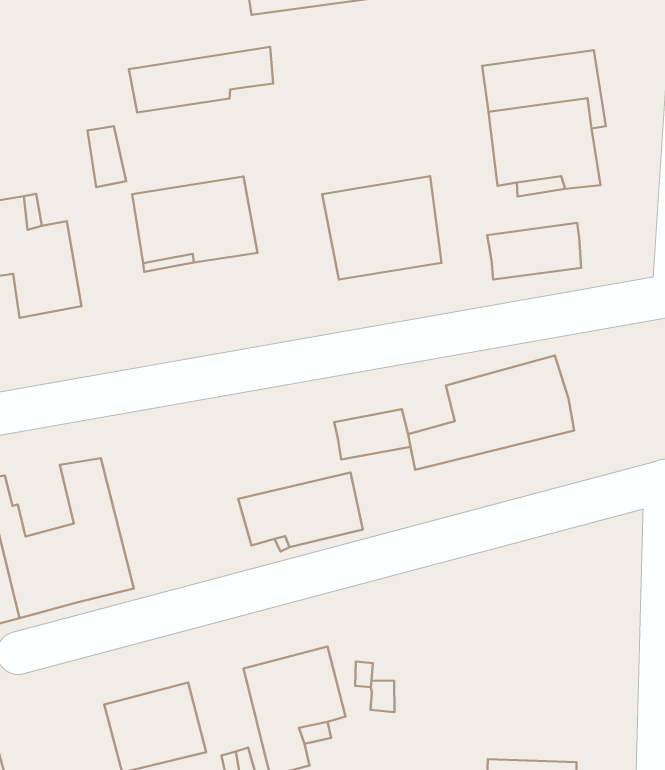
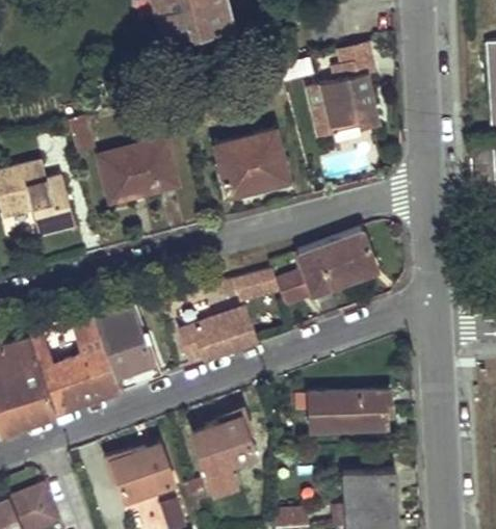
building: [129,47,273,113] -> none
building: [487,223,581,279] -> none
building: none -> [95,306,162,390]
building: none -> [309,390,391,429]

